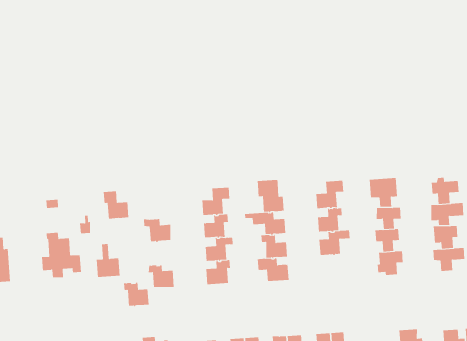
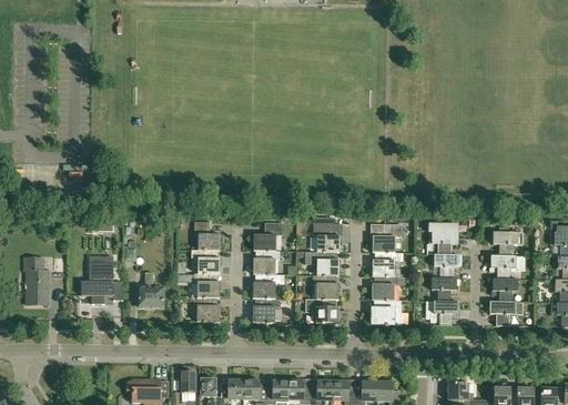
building: [103,191,129,219] -> [194,221,220,250]
building: none -> [371,300,406,324]
building: [123,282,149,307] -> [193,273,219,298]

